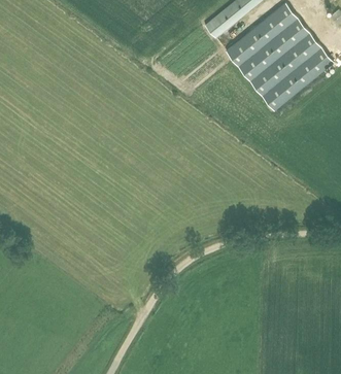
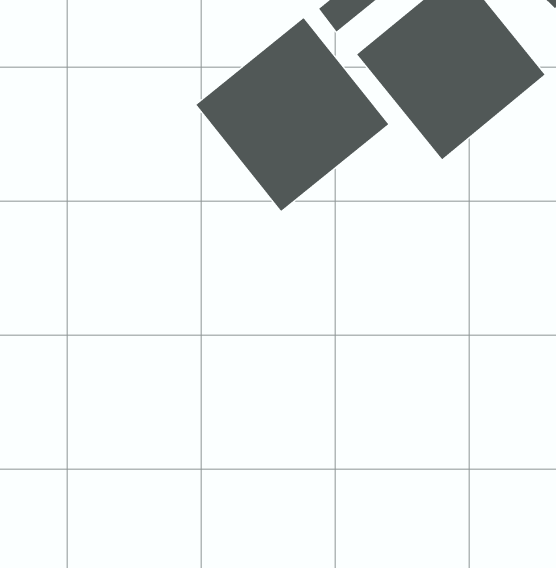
building: none -> [196,17,389,212]

